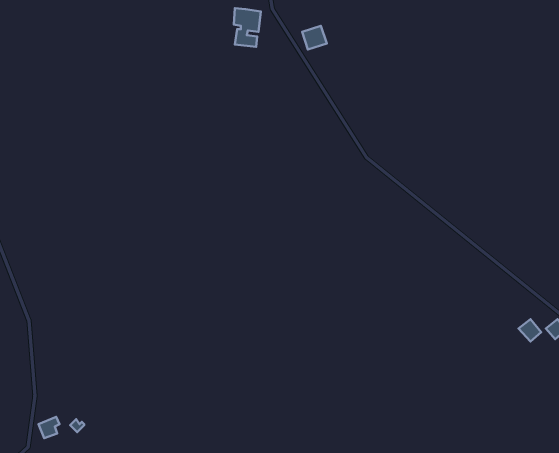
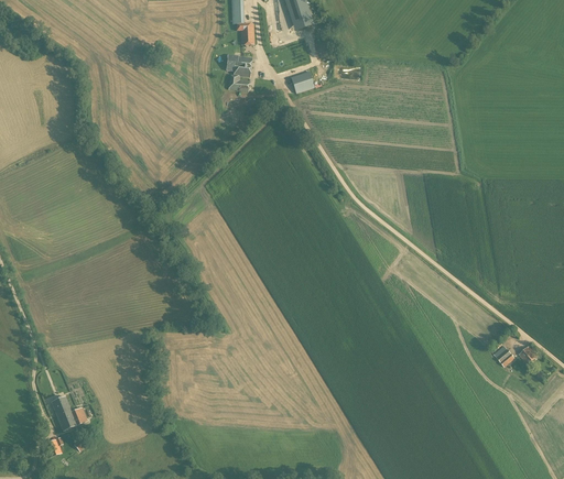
building: none -> [51,395,86,429]

